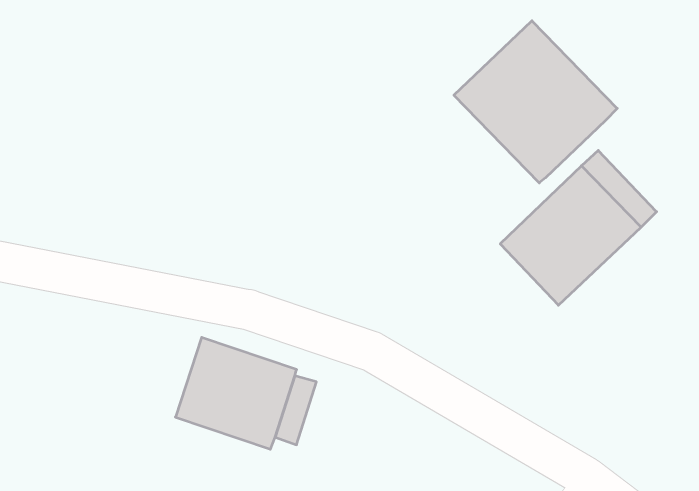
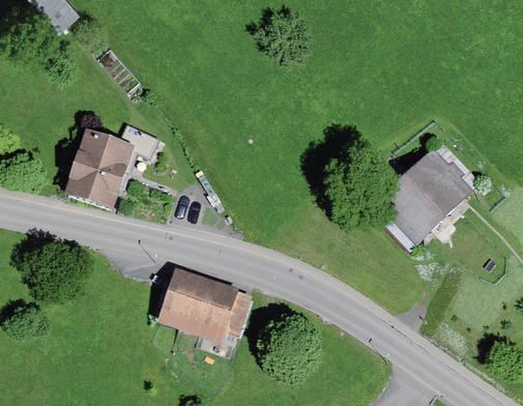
building: [454,21,617,183] -> none
building: none -> [63,128,157,208]

